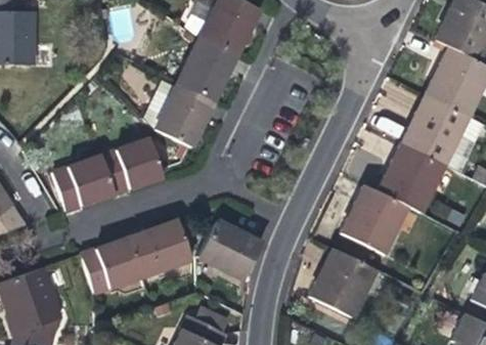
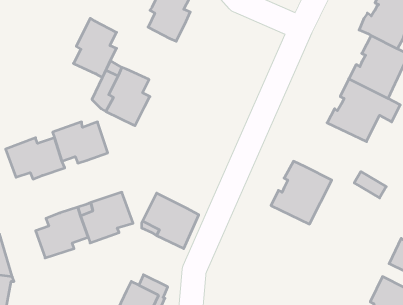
building: [183,36,230,100] -> [73,18,117,77]
building: [379,143,445,213] -> none
building: [309,248,375,316] -> none

